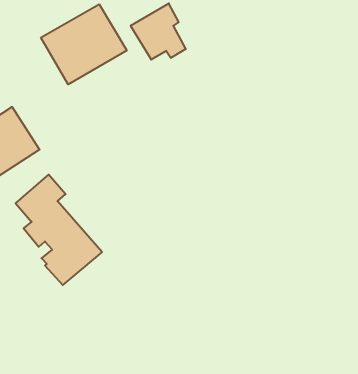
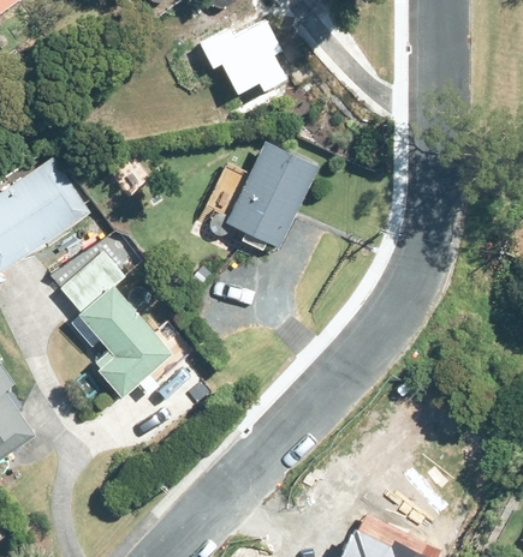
building: [41,4,127,84] -> none
building: none -> [214,138,316,245]

